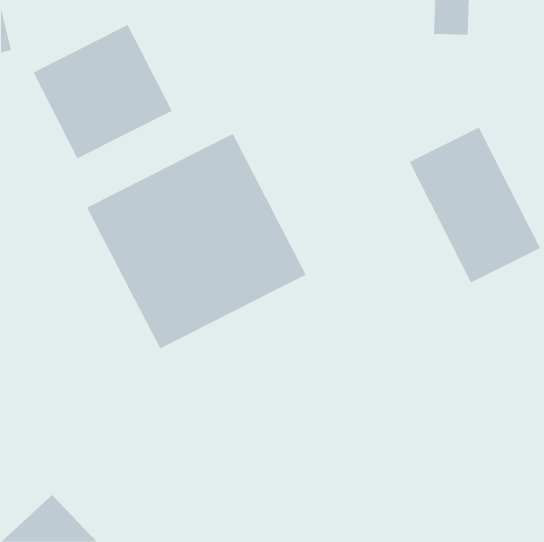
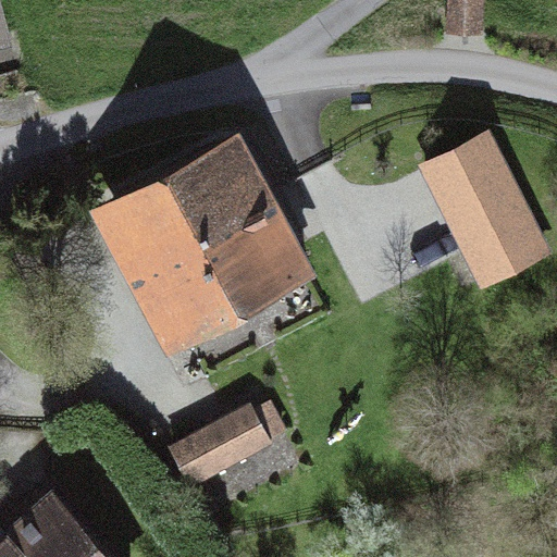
building: [33,24,172,159] -> none
building: none -> [169,399,287,490]

